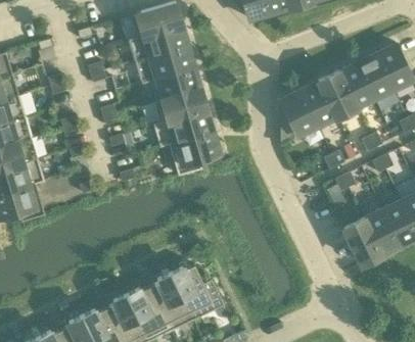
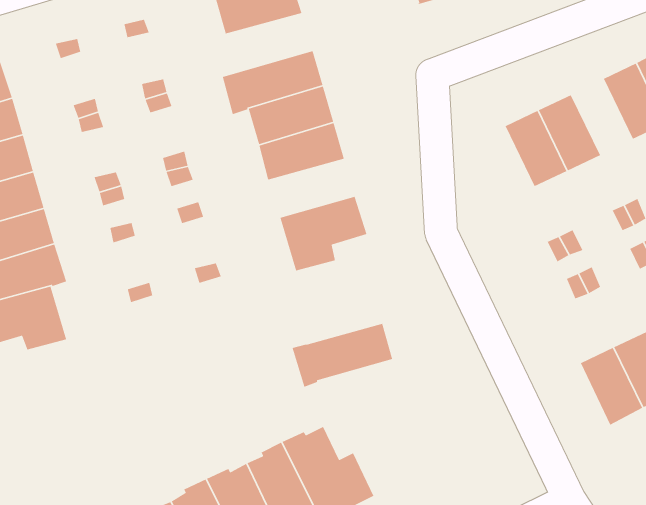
building: [129,23,188,60] -> none
building: [338,61,374,106] -> none
building: [280,89,317,143] -> none
building: [153,108,213,146] -> [291,323,393,388]

